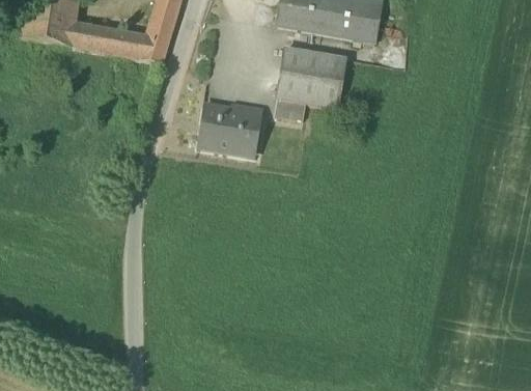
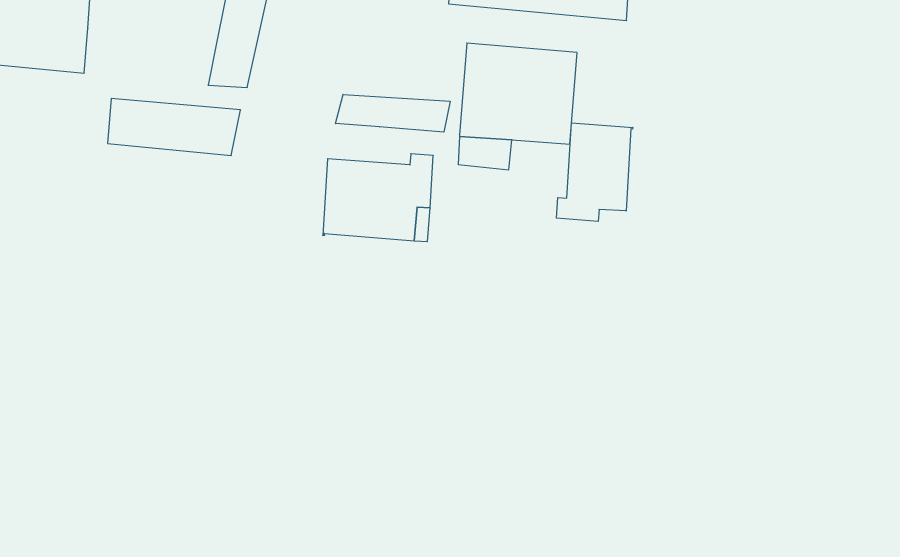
building: [72,21,147,58] -> [108,98,241,155]
building: none -> [336,94,450,132]
building: none -> [557,123,633,221]

